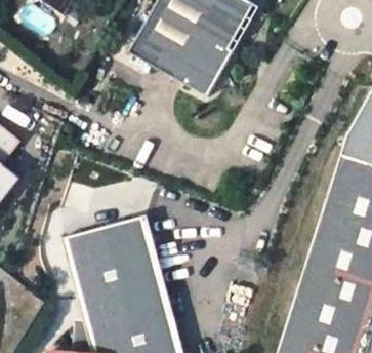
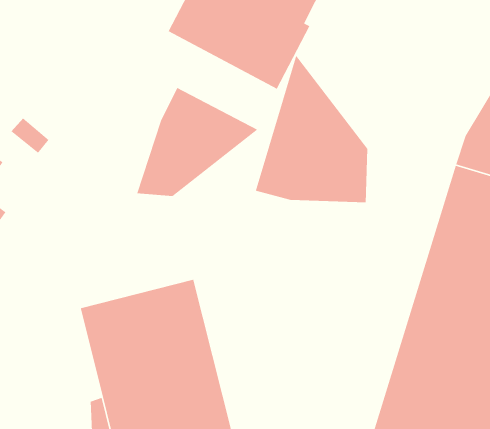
building: none -> [255,54,368,203]
building: none -> [136,87,258,197]

